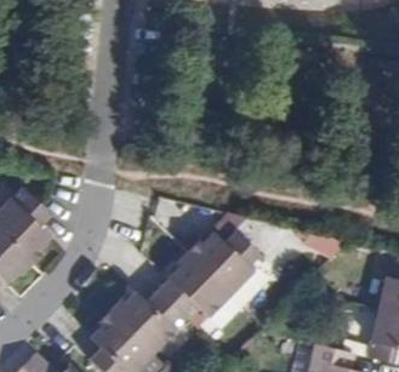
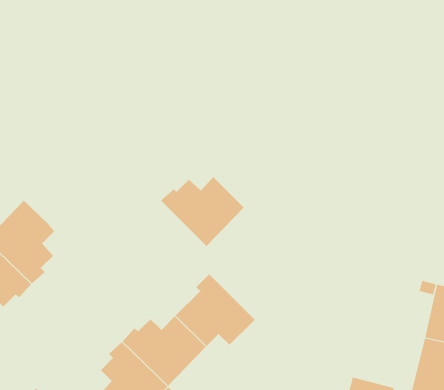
building: [188,228,263,291] -> [160,176,245,247]

